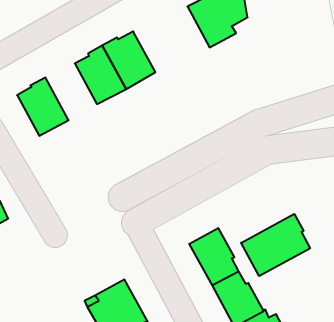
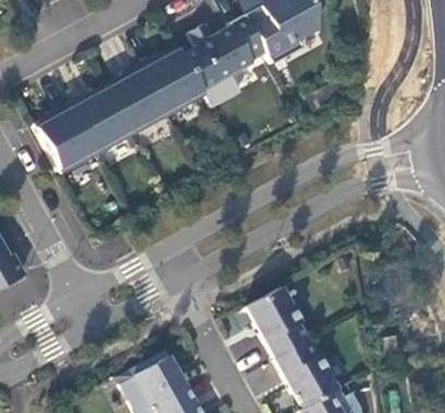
building: none -> [190,14,265,82]
building: none -> [70,84,133,154]
building: [241,214,310,276] -> none

